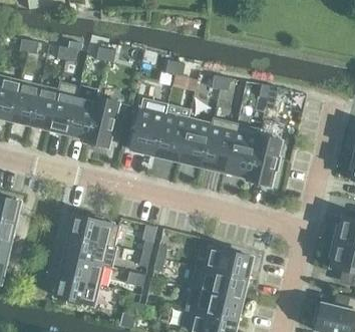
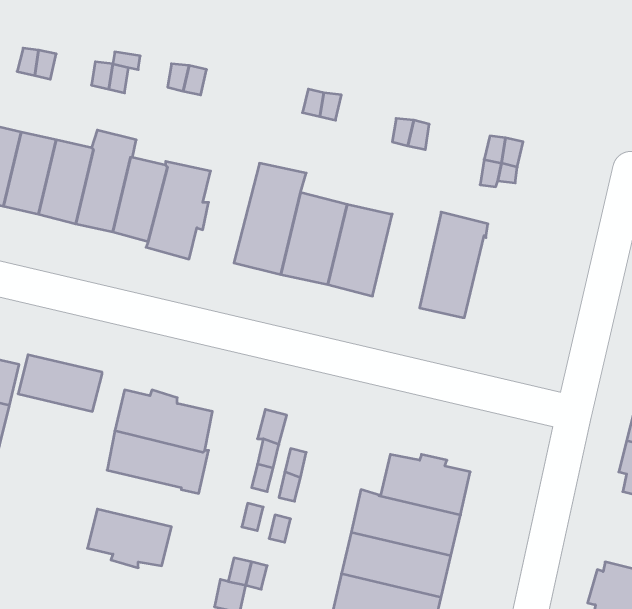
building: [202,117,237,173] -> none
building: [247,135,281,186] -> none
building: [60,256,103,285] -> [18,355,102,411]

